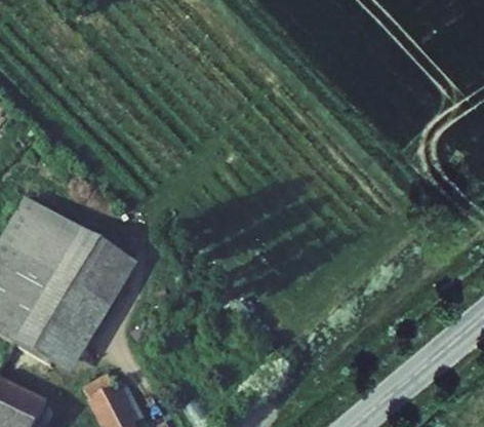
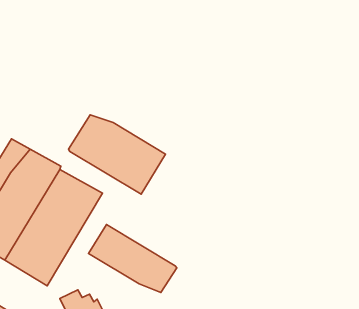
building: none -> [68,115,166,194]
building: none -> [89,225,177,293]

